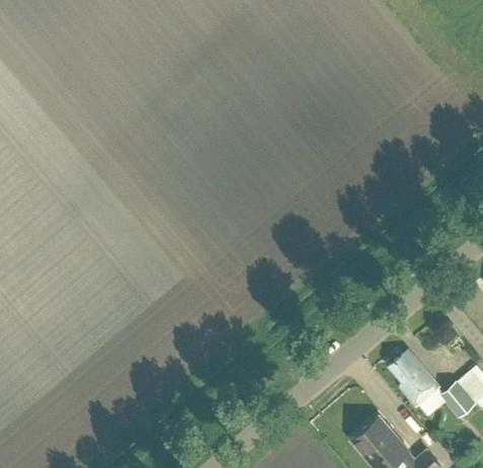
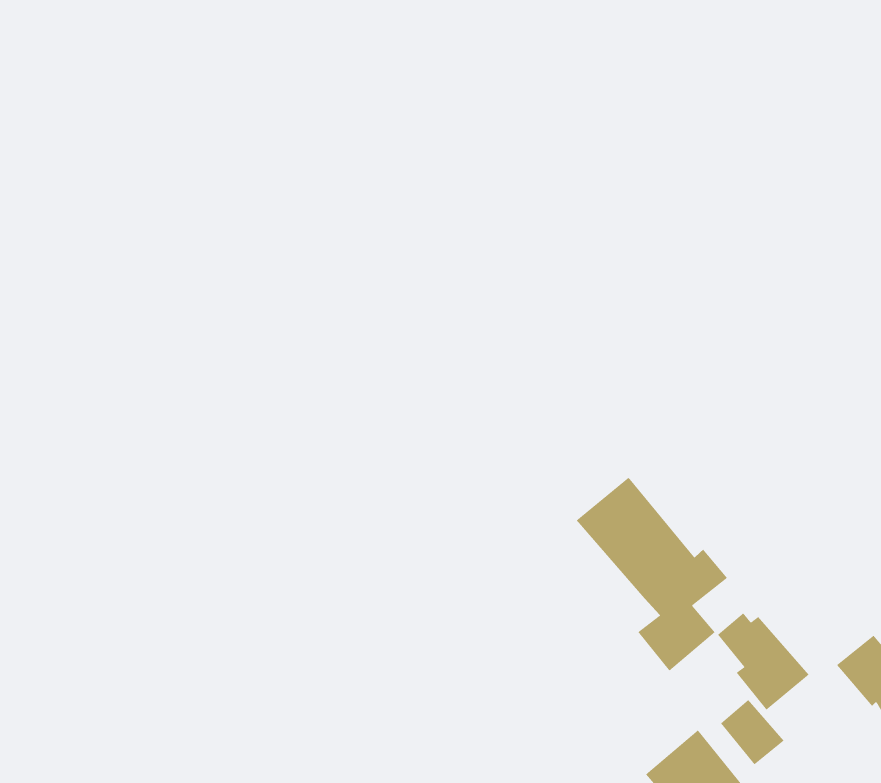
building: none -> [576,477,728,672]
building: [438,381,473,416] -> [720,699,784,765]

